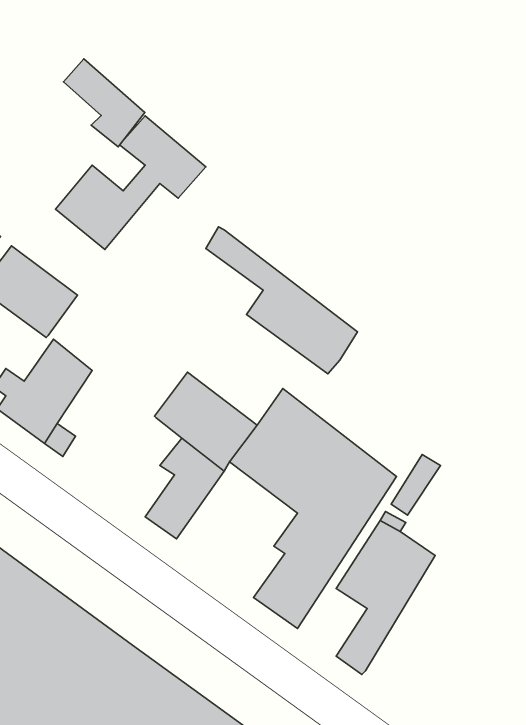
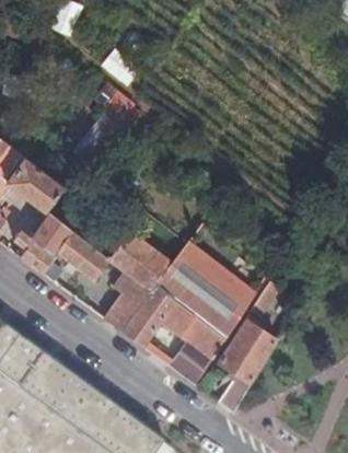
building: [63,59,145,147] -> none
building: [206,227,358,374] -> none
building: none -> [58,229,111,277]
building: none -> [123,283,195,349]

